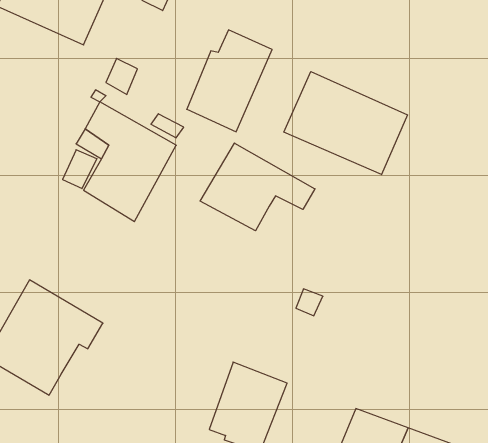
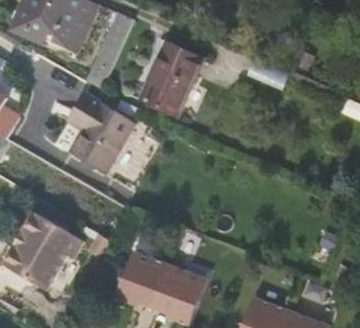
building: [284,72,407,175] -> none
building: [200,143,315,231] -> none
building: none -> [118,253,172,312]

